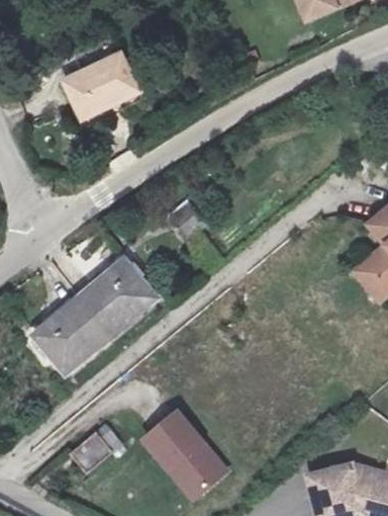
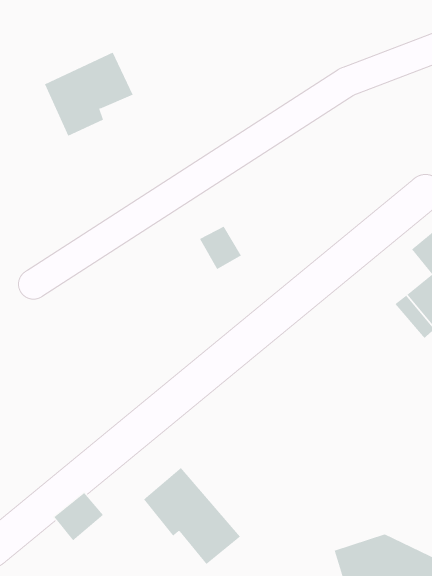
building: [37,255,164,373] -> none

